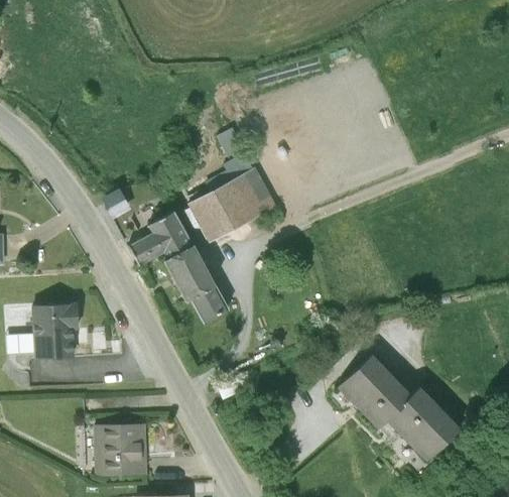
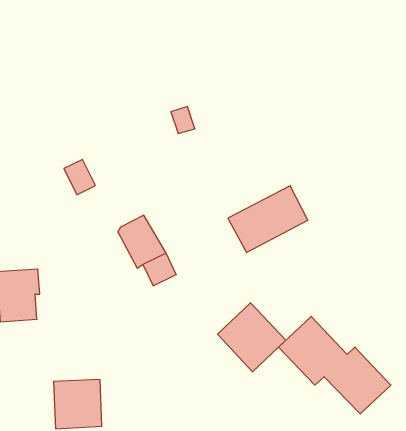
building: [188,169,275,242] -> [228,186,308,253]
building: [127,211,192,267] -> none
building: none -> [218,303,286,372]

